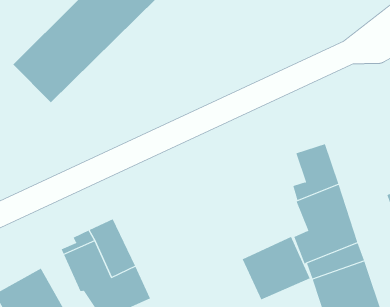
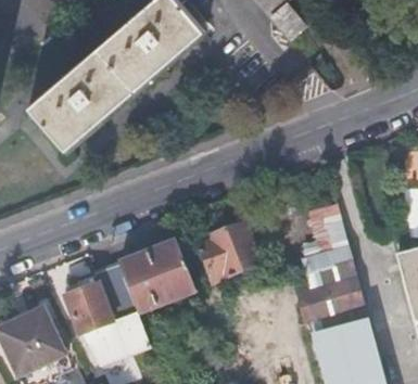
building: none -> [119,243,197,313]
building: [242,236,310,300] -> [195,223,263,285]

